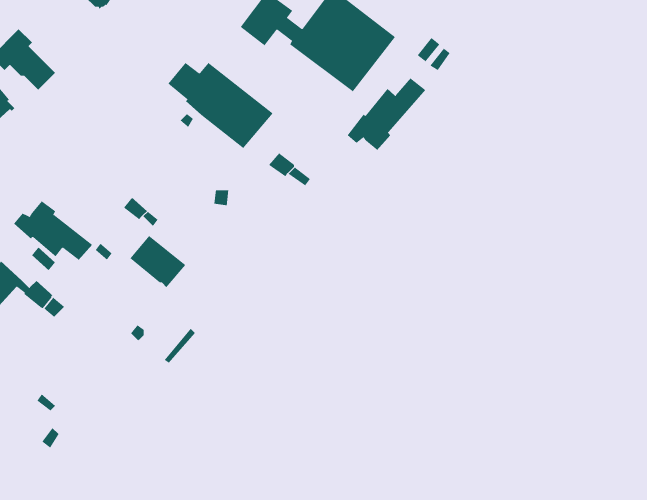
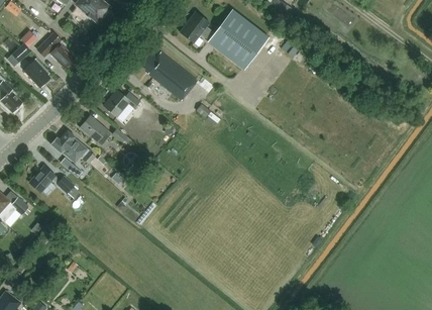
building: [347,78,426,151] -> none
building: none -> [104,89,141,117]
building: [129,235,186,288] -> [80,115,112,145]

